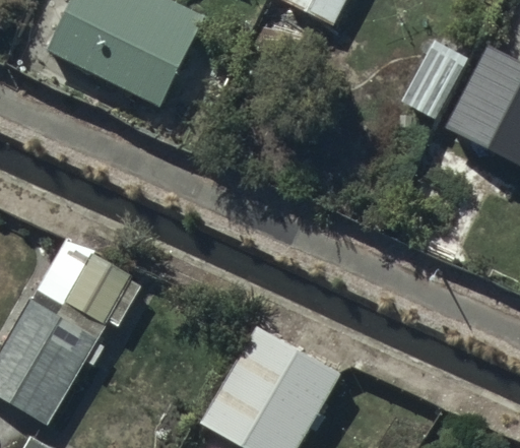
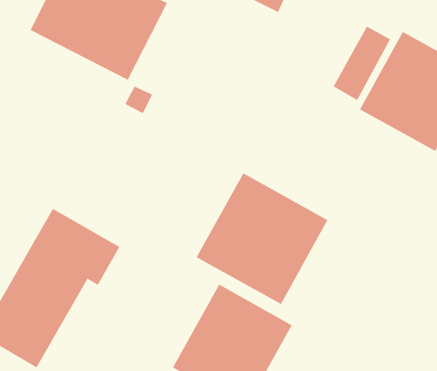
building: none -> [196,172,328,305]

